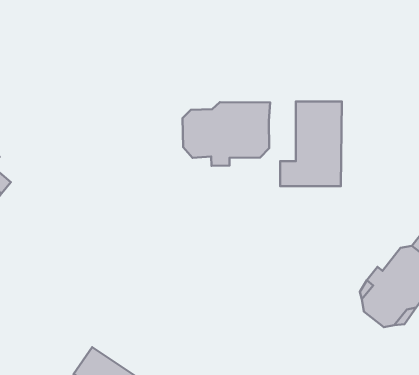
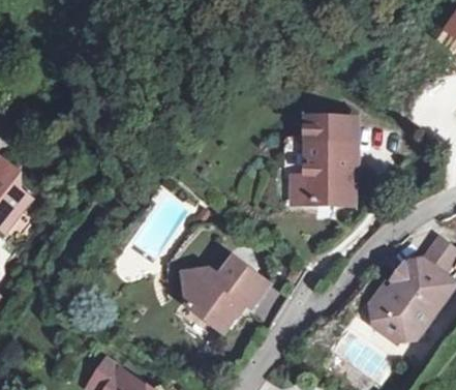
building: [182,102,270,166] -> none
building: none -> [184,258,267,330]

